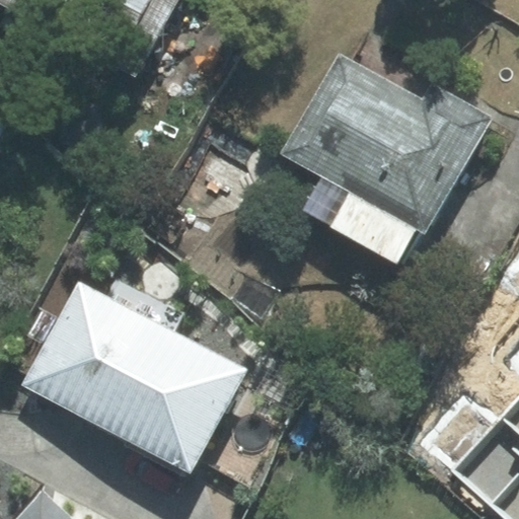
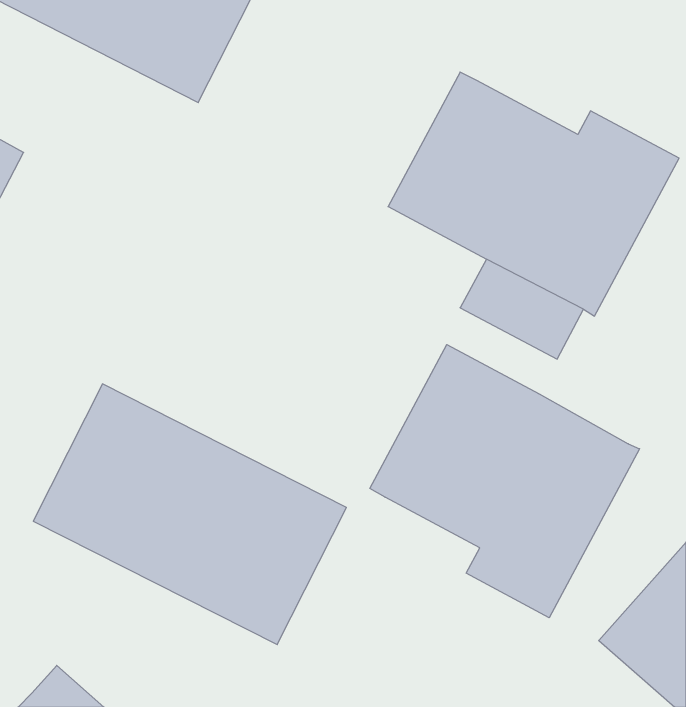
building: none -> [370,345,640,618]

